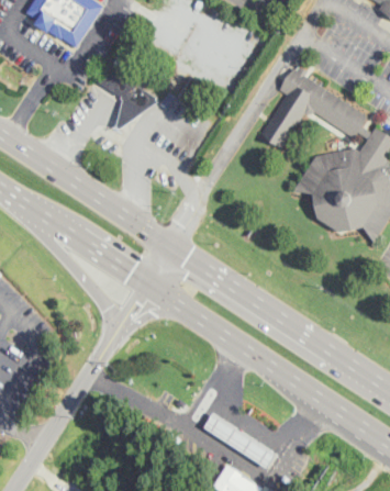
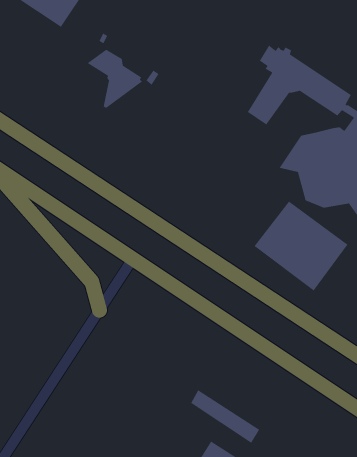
building: none -> [254,200,349,292]

